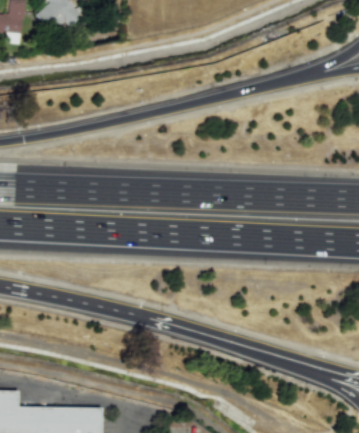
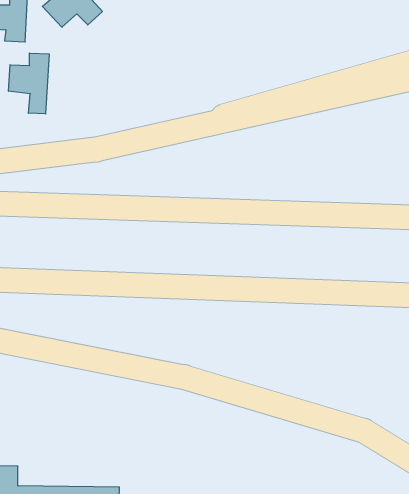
building: none -> [9,53,49,114]

